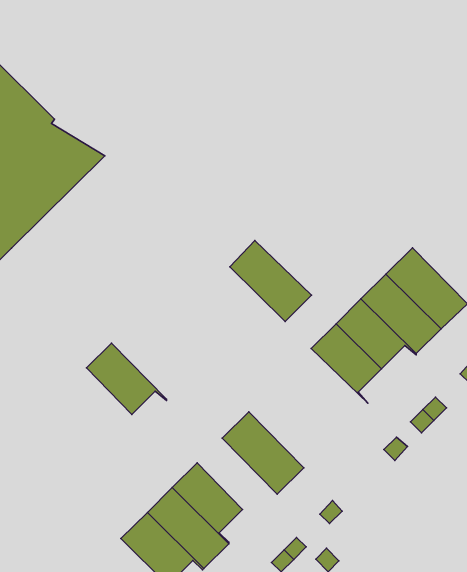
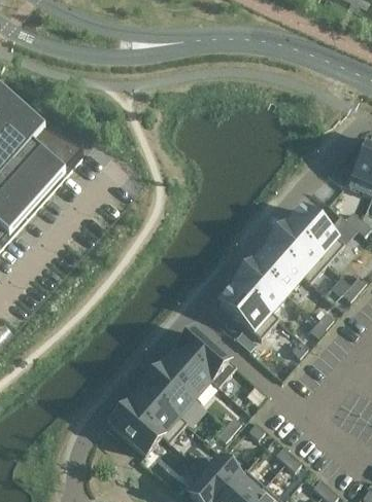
building: [230,241,312,321] -> [218,282,277,337]
building: [86,343,166,414] -> [160,349,217,398]

